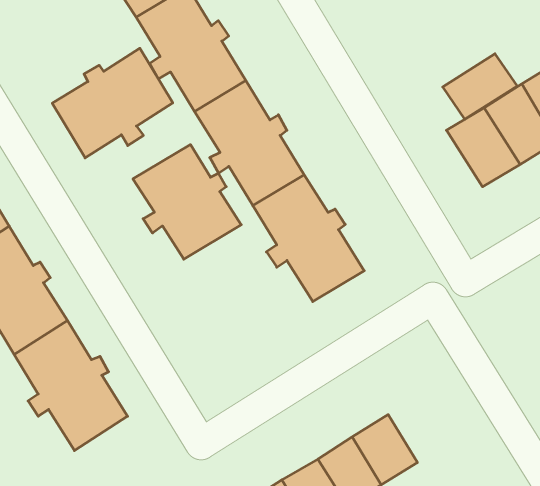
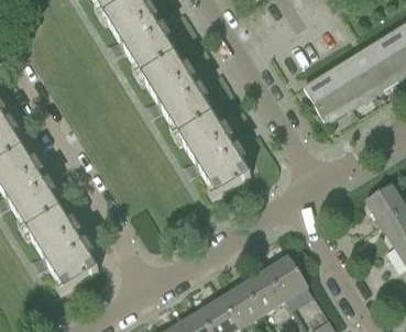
building: [52,48,173,158] -> none
building: [443,54,517,119] -> none
building: [133,145,241,259] -> none
building: none -> [266,255,307,299]

